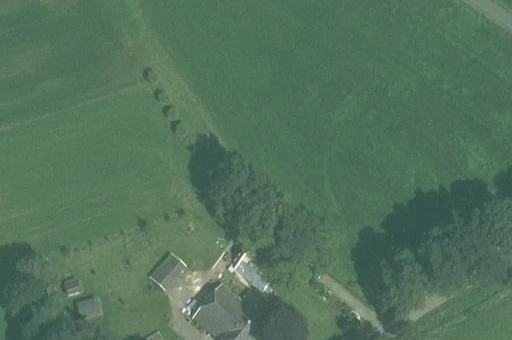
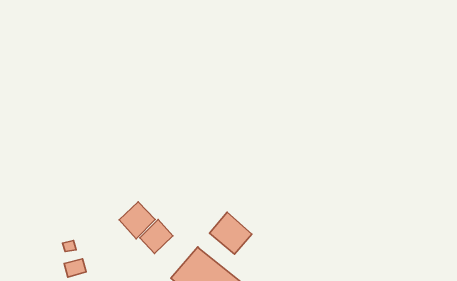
building: none -> [119,202,155,239]

